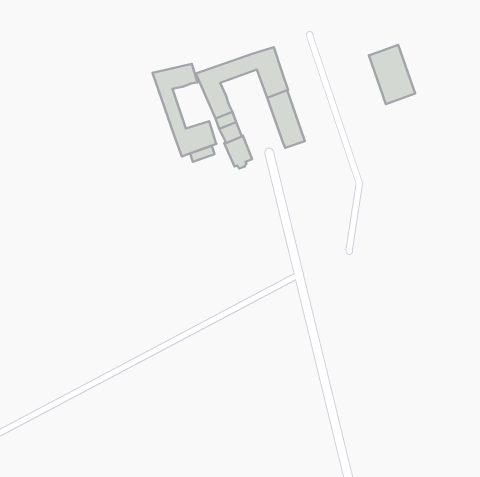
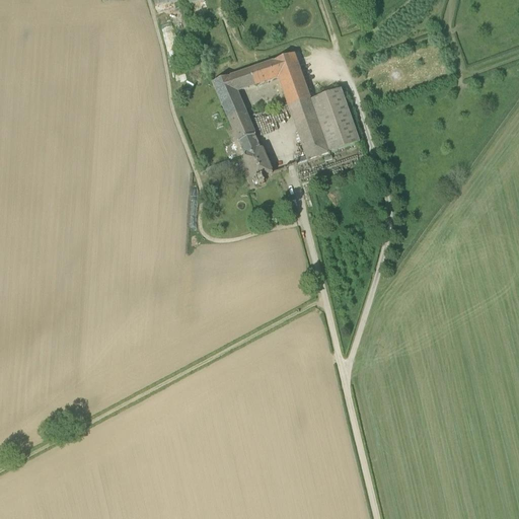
building: [369,45,415,104] -> [309,86,359,150]
building: [153,64,217,156] -> none

